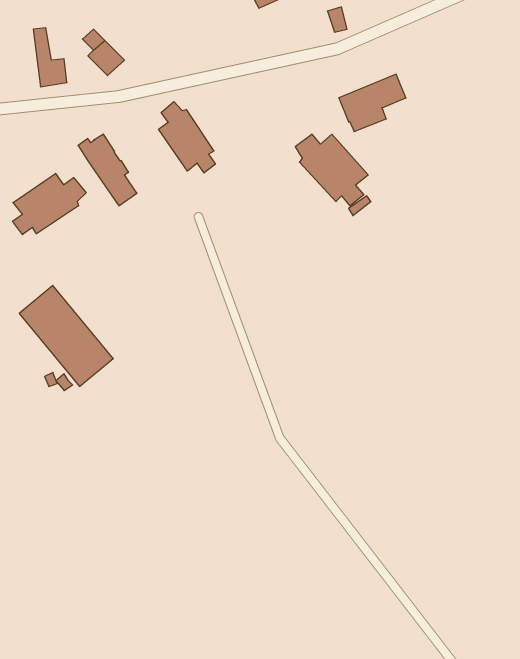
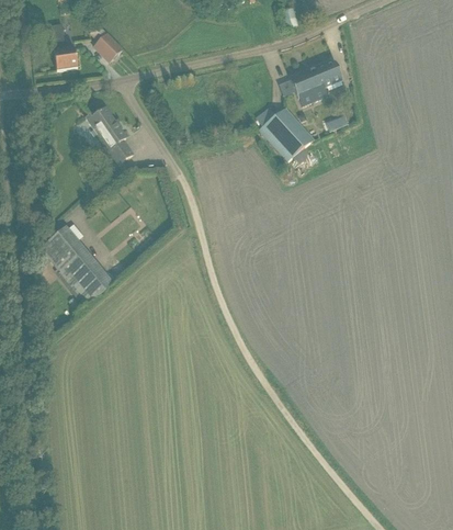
building: [159,102,215,173] -> none
building: [12,173,86,235] -> none

